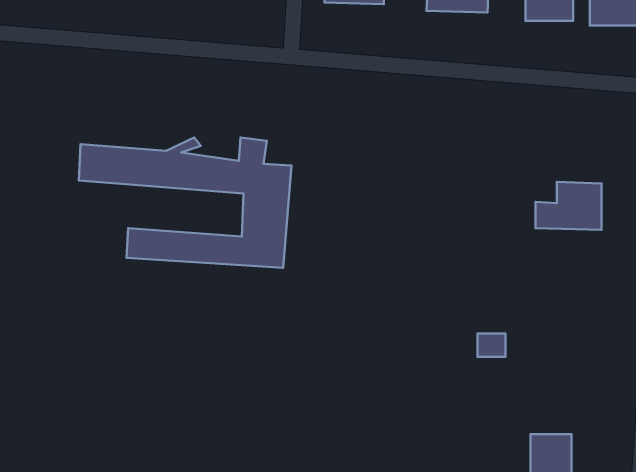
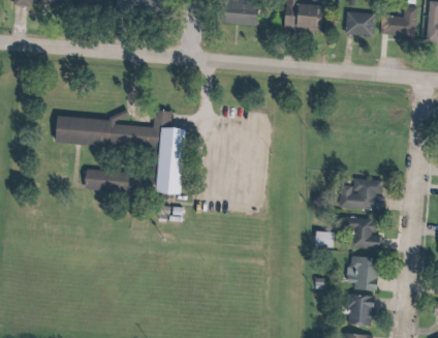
building: [536,182,601,230] -> [342,180,383,210]
building: none -> [343,217,379,249]
building: none -> [348,257,377,289]

